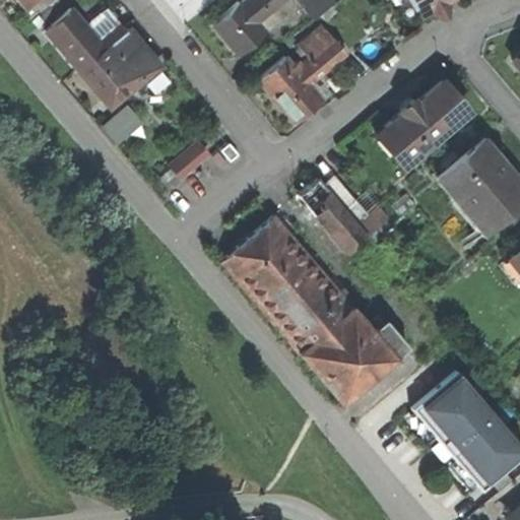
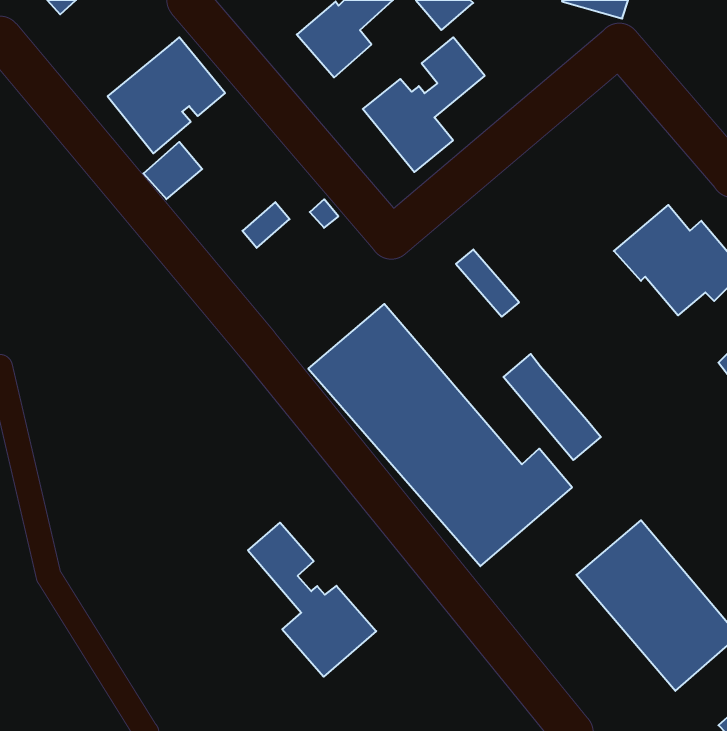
building: [49,10,126,69] -> none
building: [379,81,470,166] -> none
building: [301,179,370,254] -> [503,354,601,460]
building: none -> [248,523,376,677]

